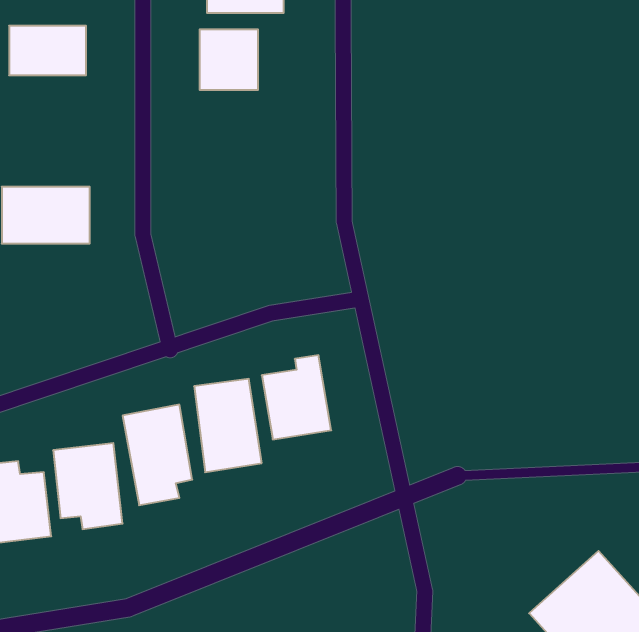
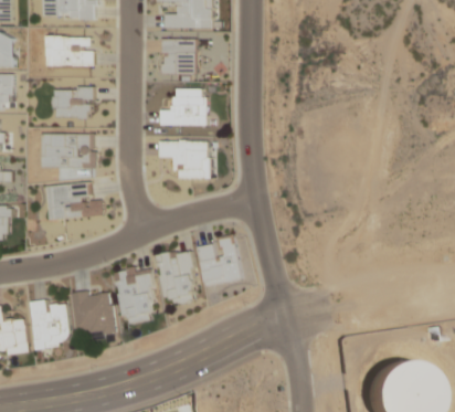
building: none -> [53,87,93,118]
building: none -> [160,88,207,127]
building: none -> [159,140,209,180]
building: none -> [47,183,103,221]

